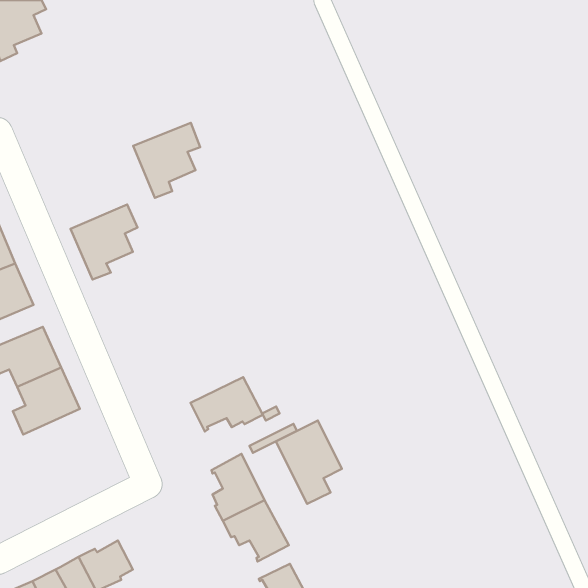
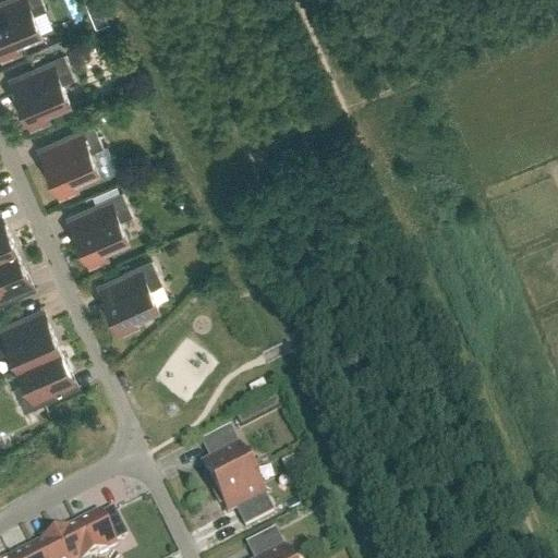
building: none -> [9,58,72,129]
building: [133,123,200,198] -> [37,126,100,197]
building: none -> [97,263,160,335]
building: [191,377,263,431] -> none
building: [276,420,342,504] -> none

